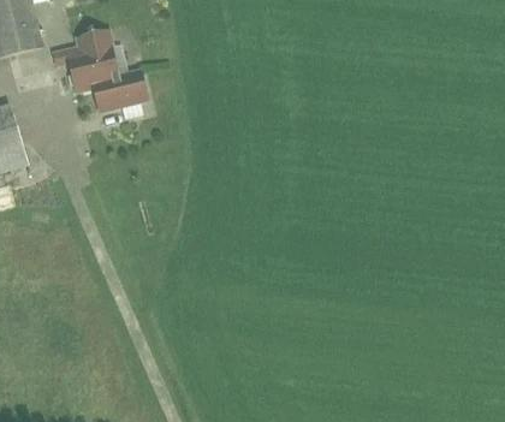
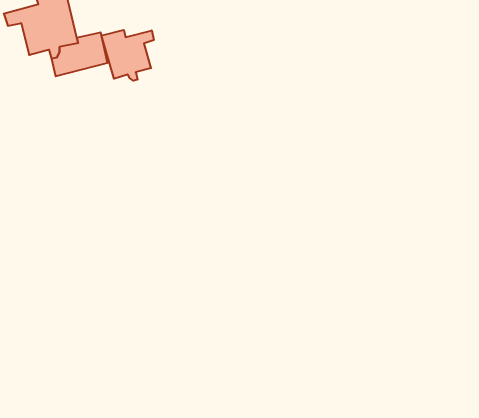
building: none -> [102,30,154,81]

